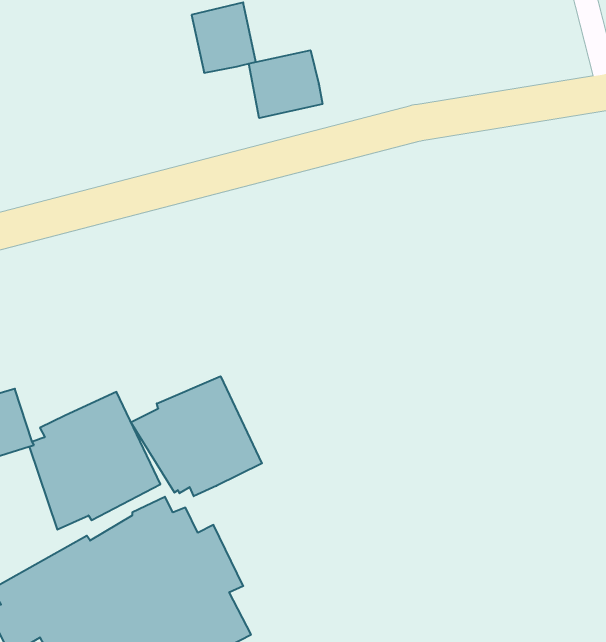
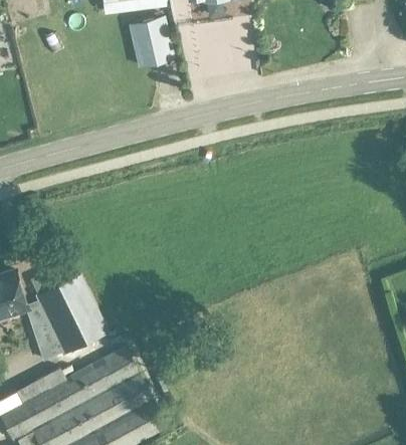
building: [249,50,322,118] -> none
building: [131,376,262,496] -> none

